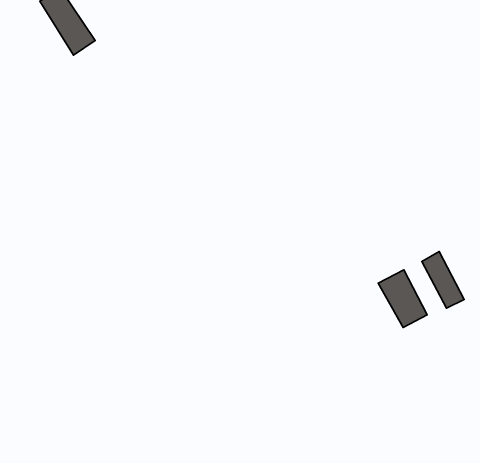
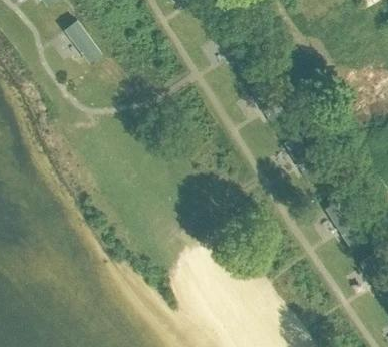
building: [378,270,427,327] -> none

